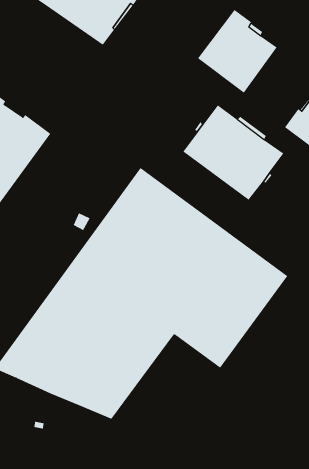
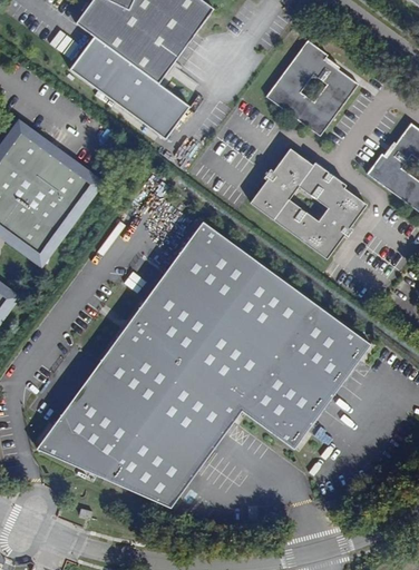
building: none -> [71,36,189,135]

